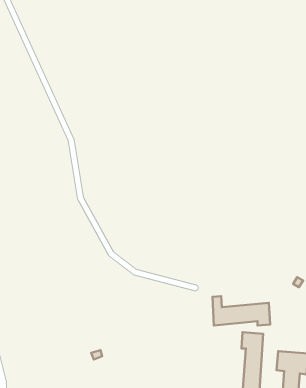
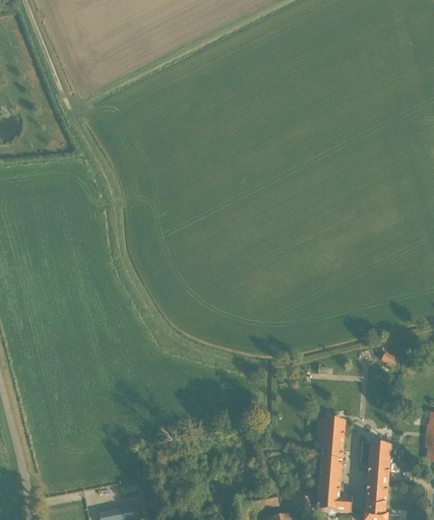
building: [212,296,270,325] -> none

